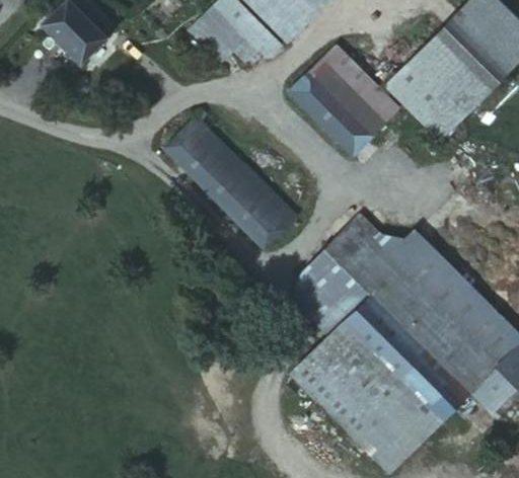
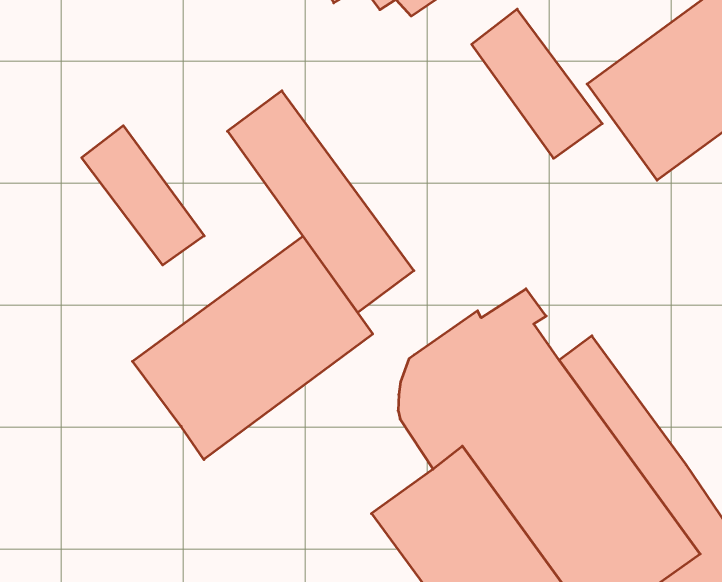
building: [291,70,372,153] -> none
building: none -> [82,126,204,265]
building: none -> [132,236,373,460]

